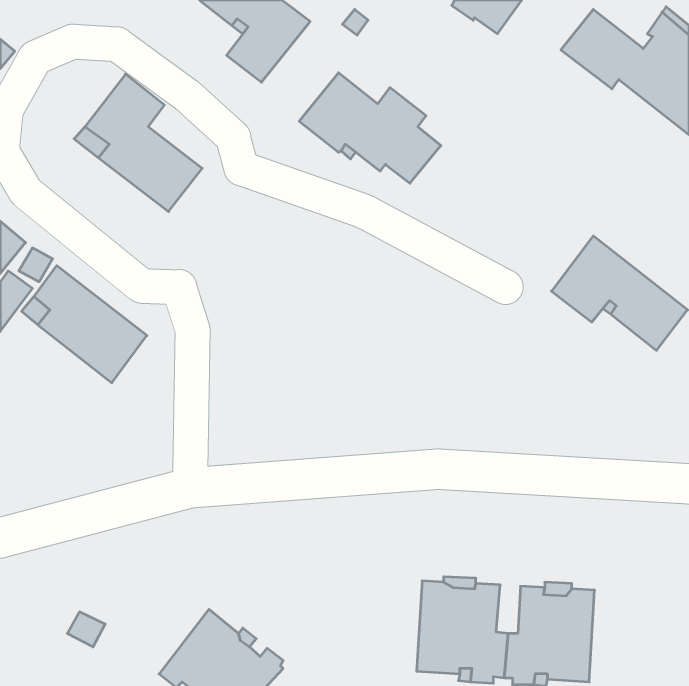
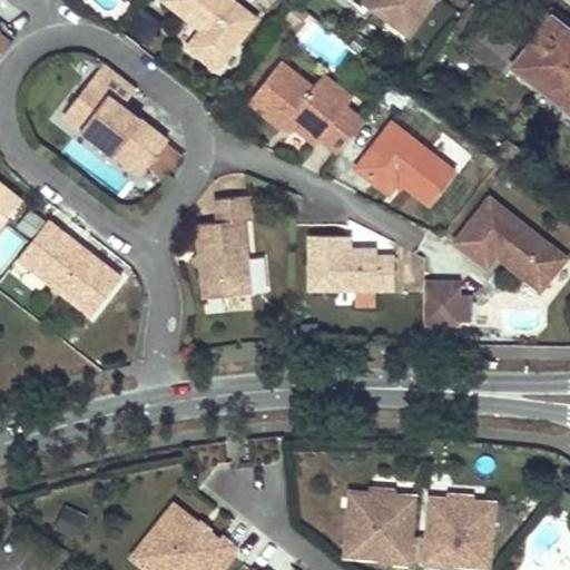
building: none -> [355,122,454,205]
building: none -> [195,197,250,299]
building: none -> [308,239,394,294]
building: none -> [423,277,471,320]

